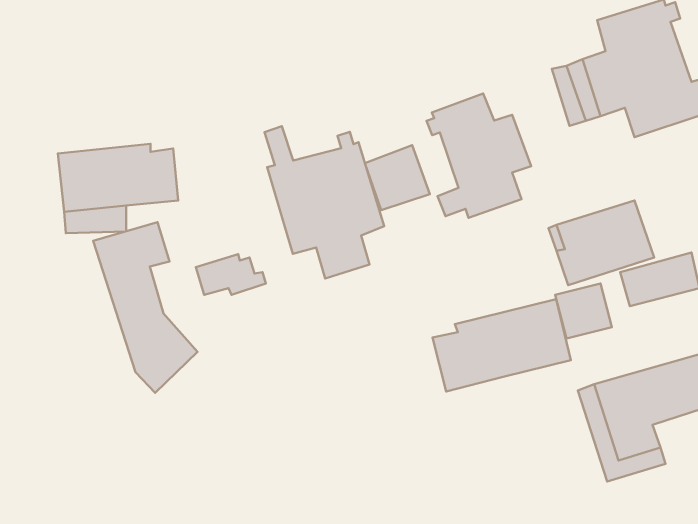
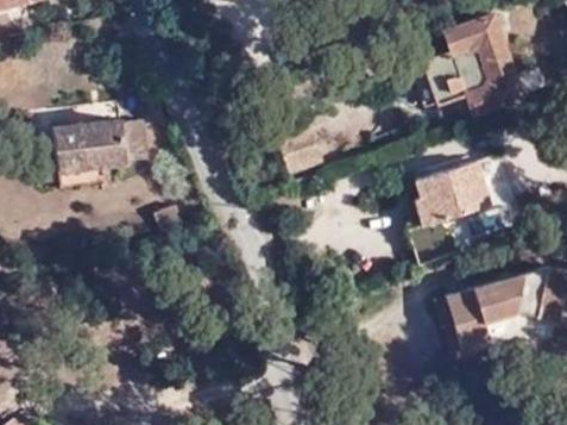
building: [427,94,531,218] -> none
building: [265,126,384,278] -> none
building: [93,222,197,393] -> none
building: [432,299,571,391] -> none

